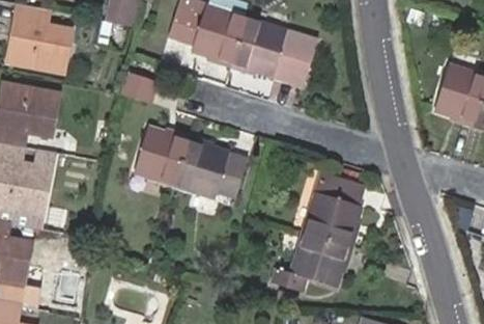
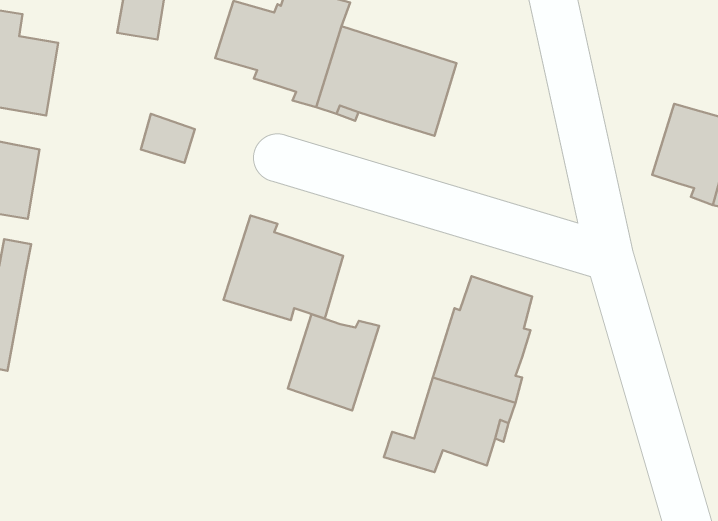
building: [134,127,190,186] -> [288,314,379,410]

